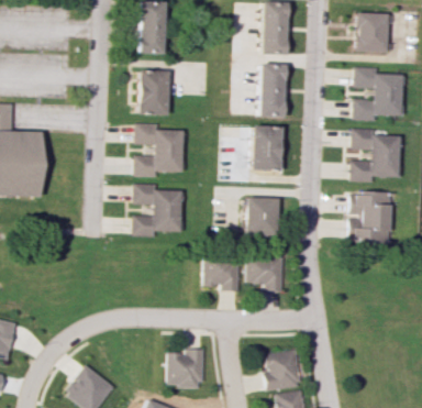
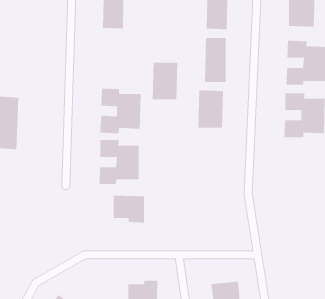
building: [138,70,169,114] -> [152,62,178,100]
building: [349,191,393,241] -> none
building: [247,197,279,235] -> none
building: [247,256,285,291] -> none
building: [204,258,242,291] -> [113,195,145,223]

